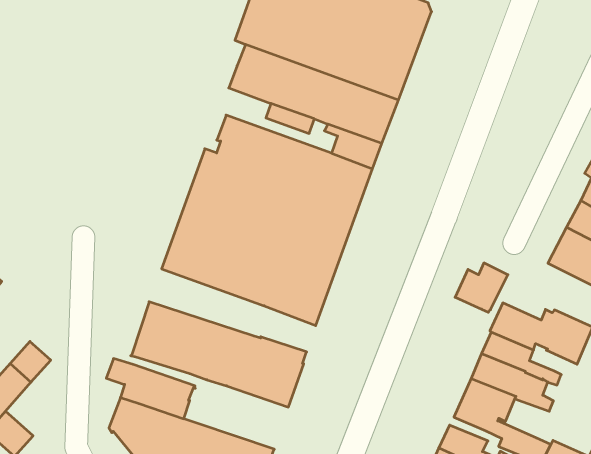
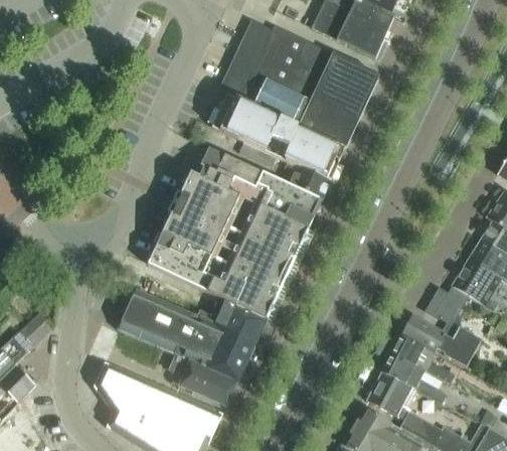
building: [455,263,508,312] -> [427,286,470,325]
building: none -> [215,300,267,340]
building: [106,359,195,419] -> [168,354,237,407]

